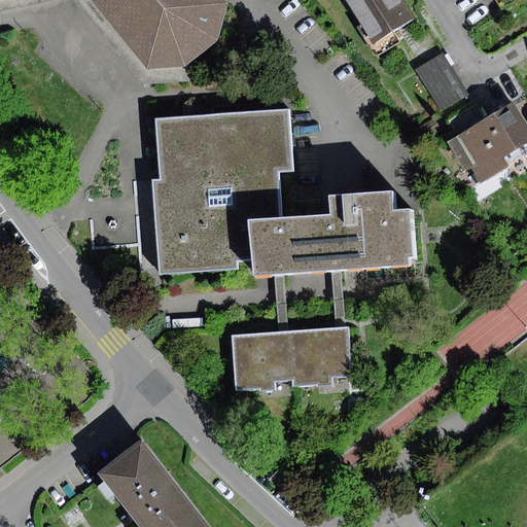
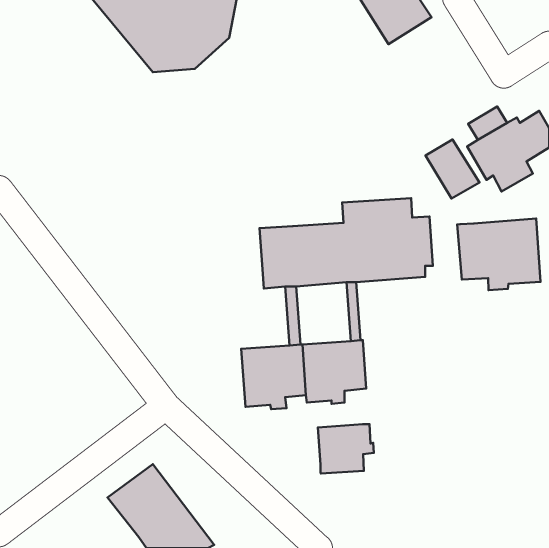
building: [416,54,467,110] -> [426,139,479,199]
building: [152,109,291,274] -> none
building: none -> [457,219,540,290]
building: none -> [318,424,374,474]

